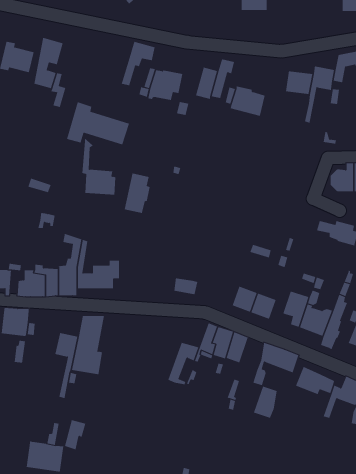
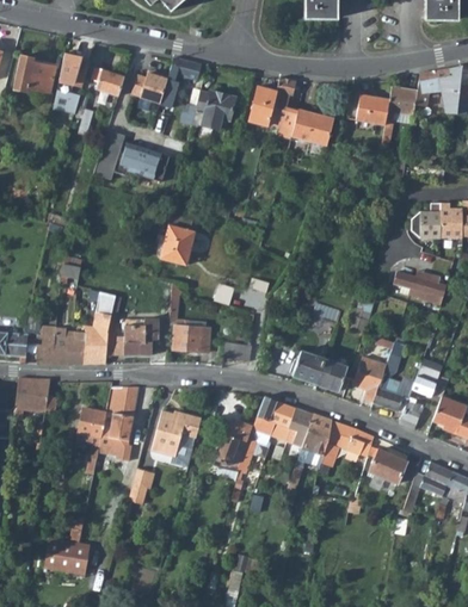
building: none -> [91,68,124,95]
building: none -> [131,73,168,104]
building: [82,138,116,195] -> [168,281,210,351]
building: none -> [152,411,202,467]
building: [253,386,277,419] -> [301,413,331,452]
building: [64,420,86,450] -> [129,469,155,506]

